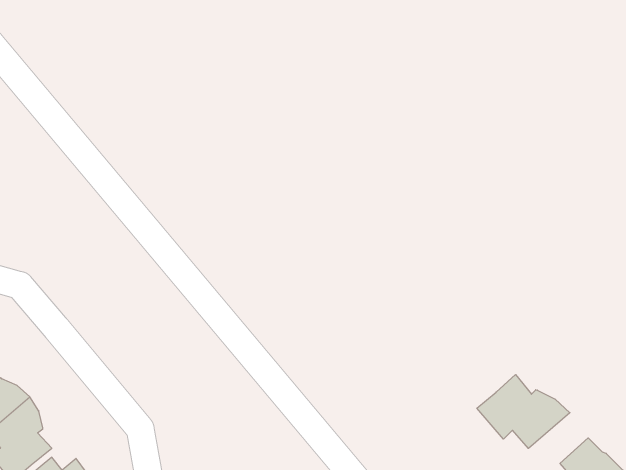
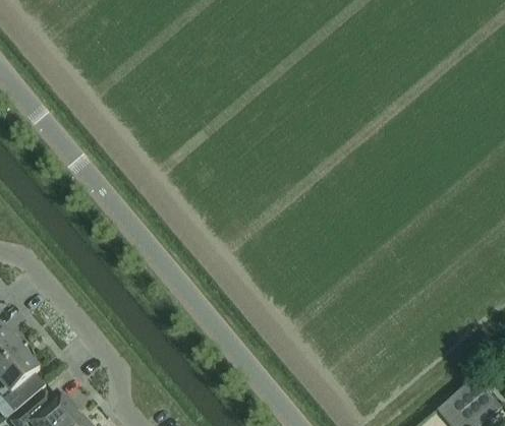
building: [477,375,570,448] -> none

